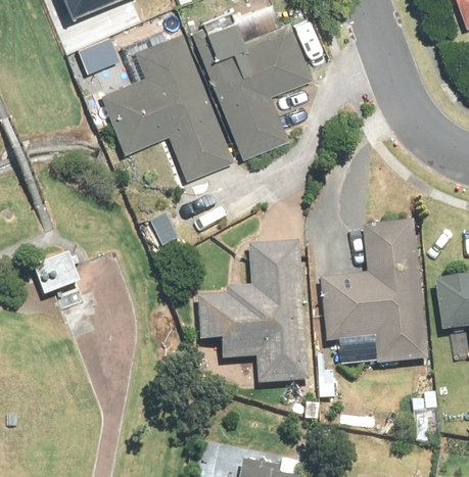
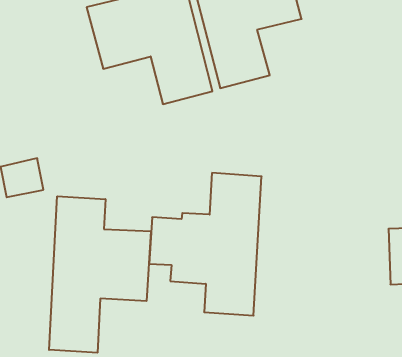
building: [316,220,427,365] -> none
building: none -> [49,196,151,353]

